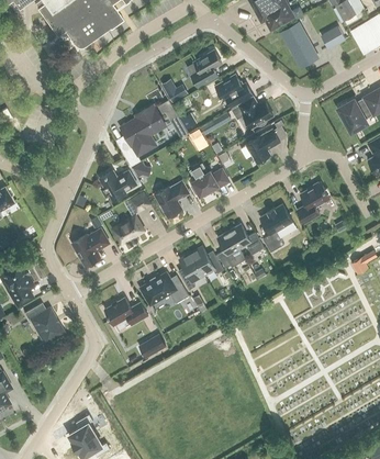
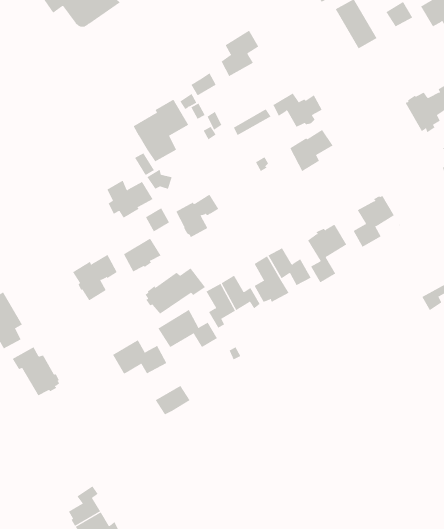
building: [215,74,253,107] -> none
building: [190,163,228,194] -> none
building: none -> [145,267,206,315]

